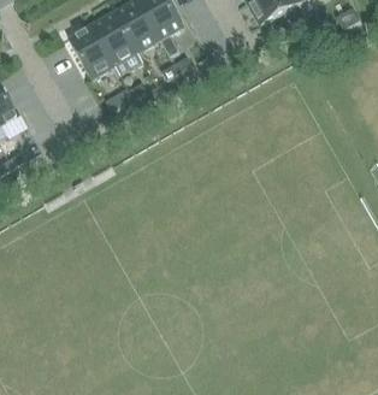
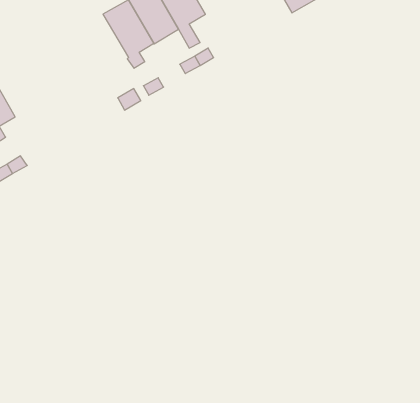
building: [69,25,116,78] -> none

